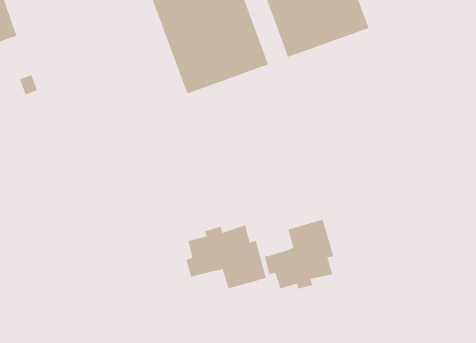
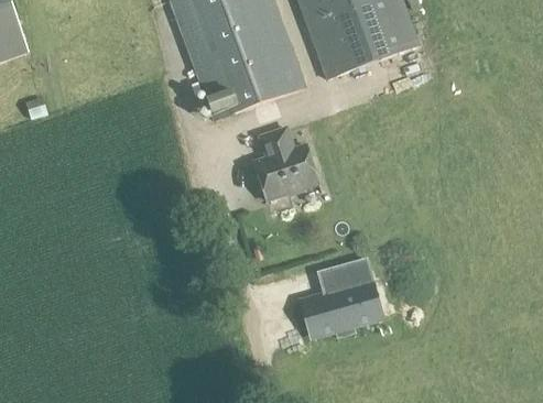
building: none -> [254,128,317,200]
building: [186,225,267,289] -> none

